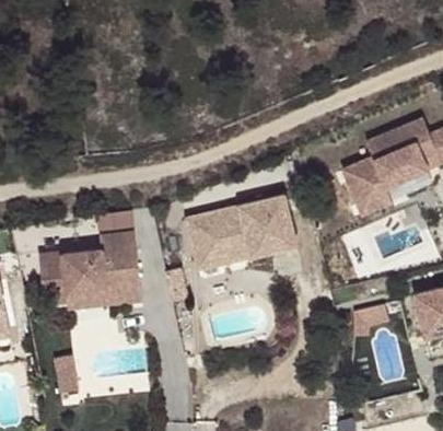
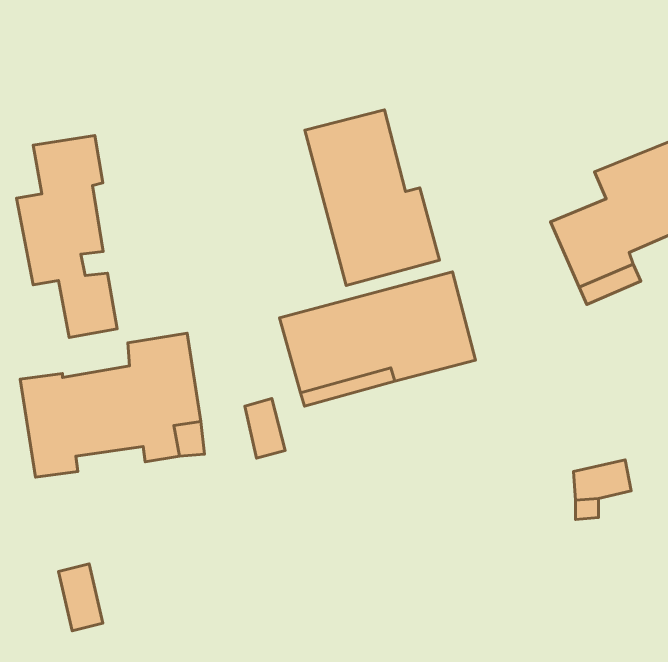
building: none -> [305,110,440,286]
building: none -> [17,135,117,338]

